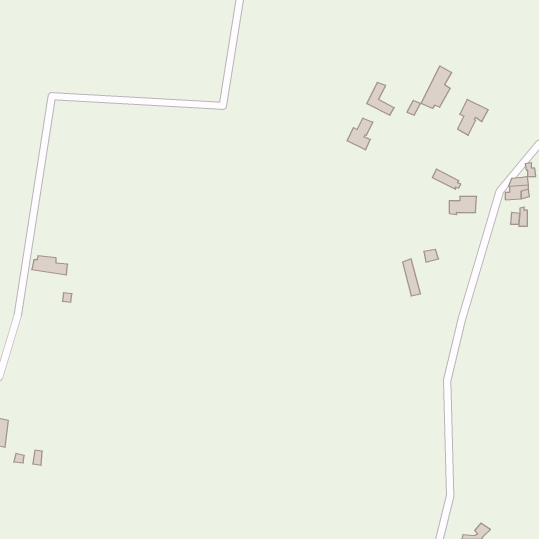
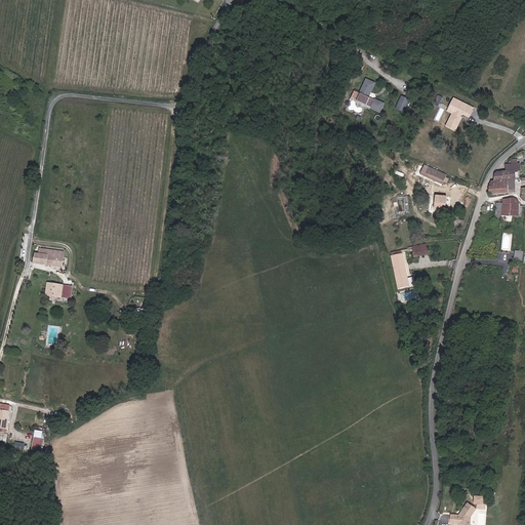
building: [421,66,452,108] -> none
building: [347,118,373,150] -> none

